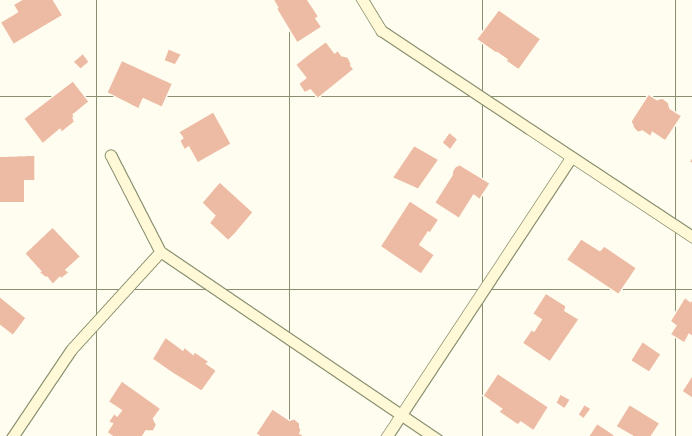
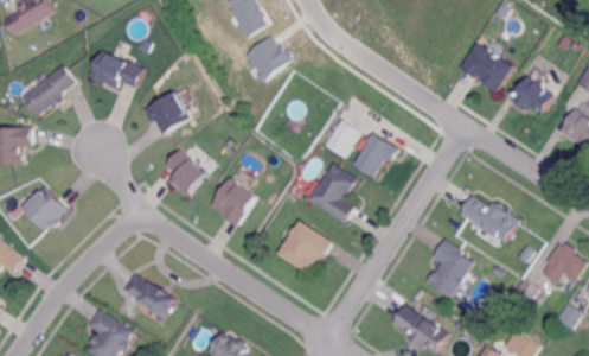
building: [476,10,541,70] -> [460,44,512,93]
building: none -> [211,178,256,225]
building: none -> [279,221,329,269]

